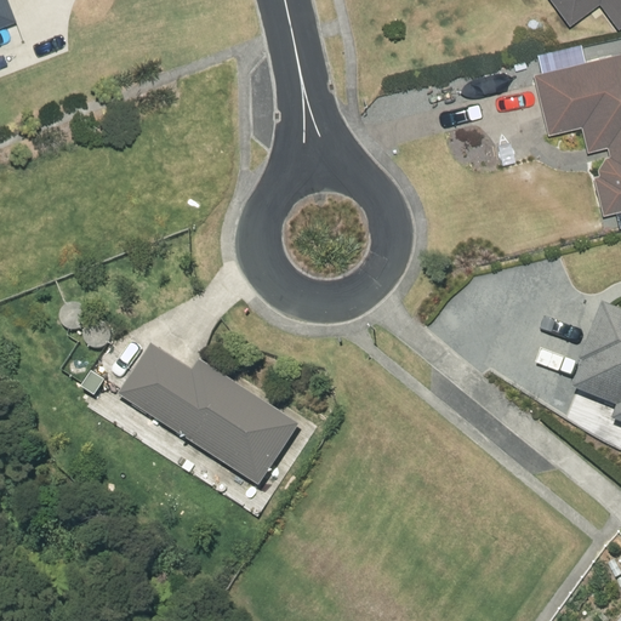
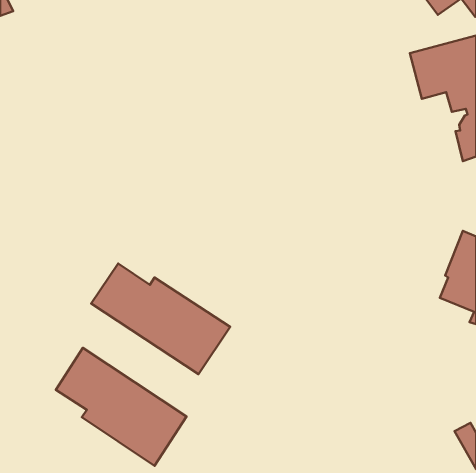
building: none -> [56,348,187,466]

